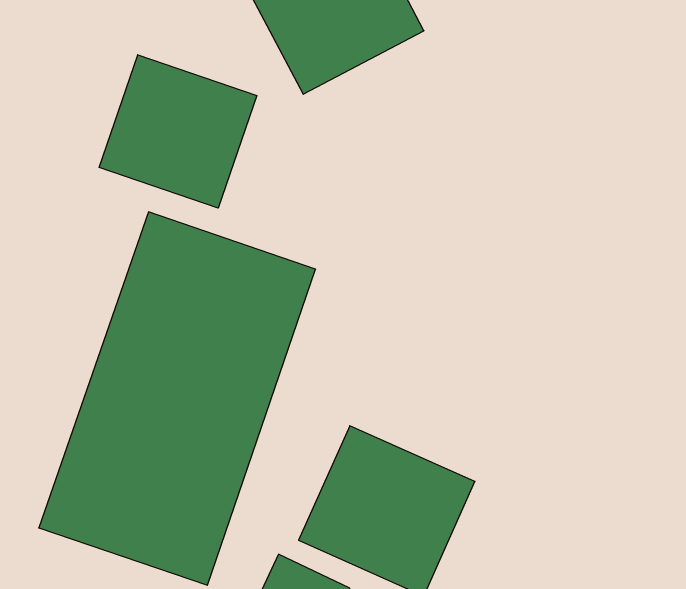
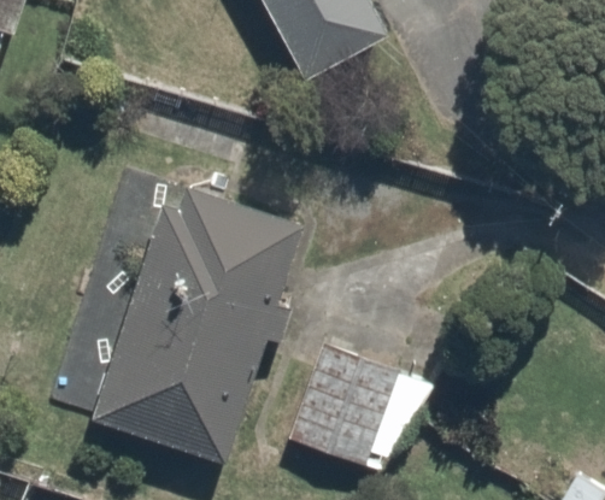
building: [99,55,257,208] -> none

